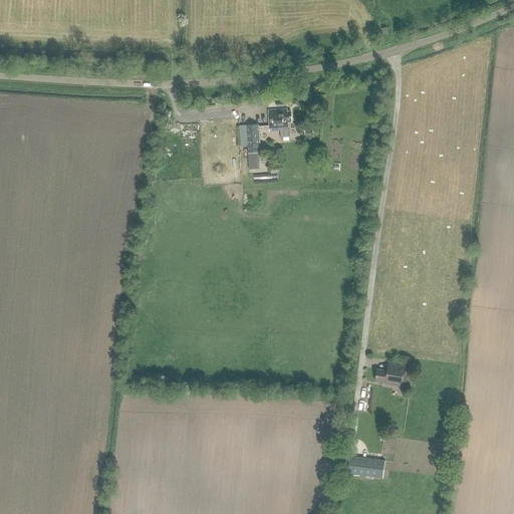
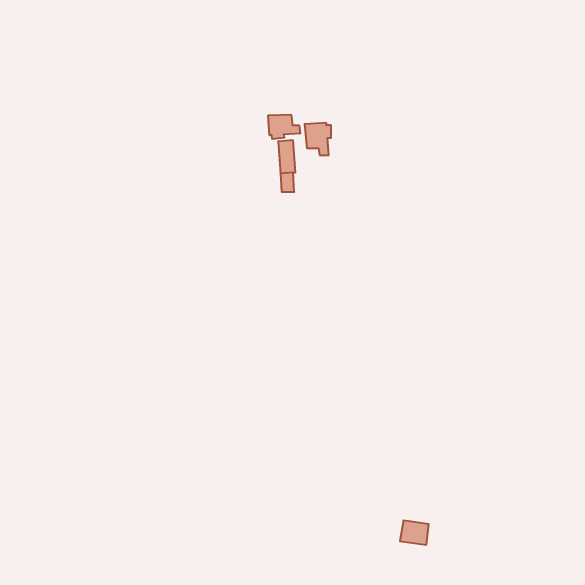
building: none -> [268,115,300,139]
building: [372,362,406,386] -> none

